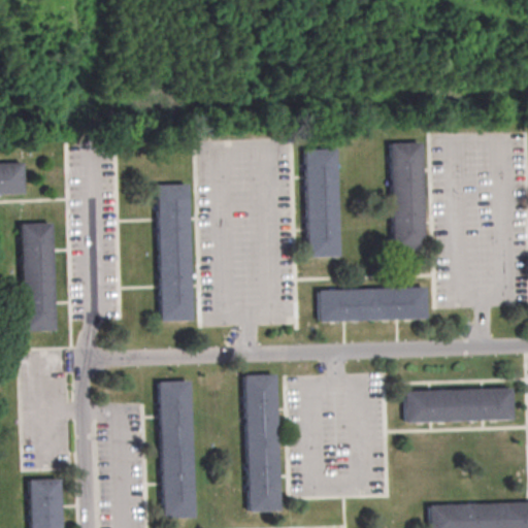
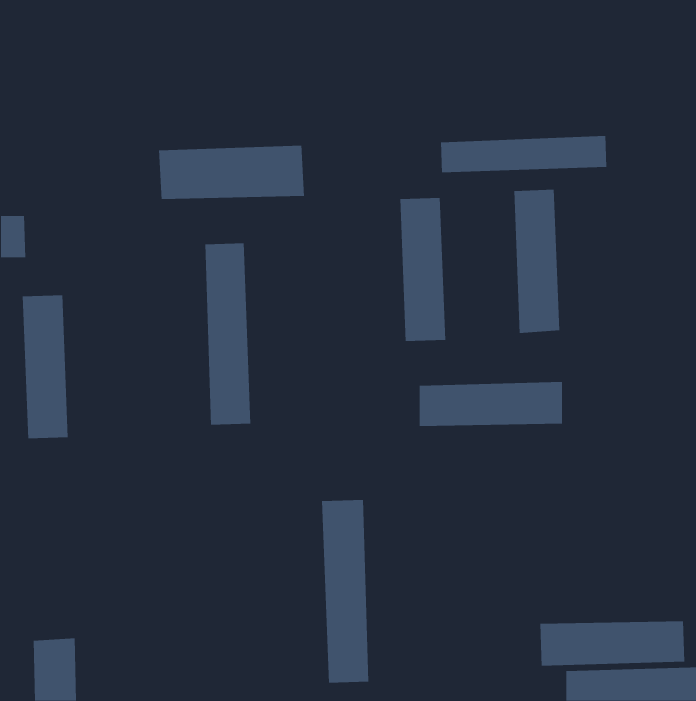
building: none -> [440,135,607,173]
building: none -> [159,145,304,200]
building: [160,383,196,521] -> none
building: [404,388,514,422] -> [540,621,685,666]

